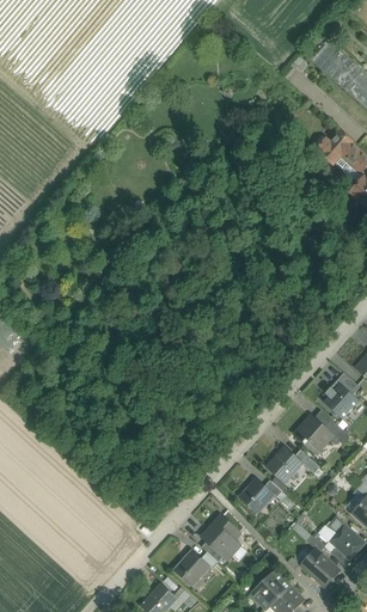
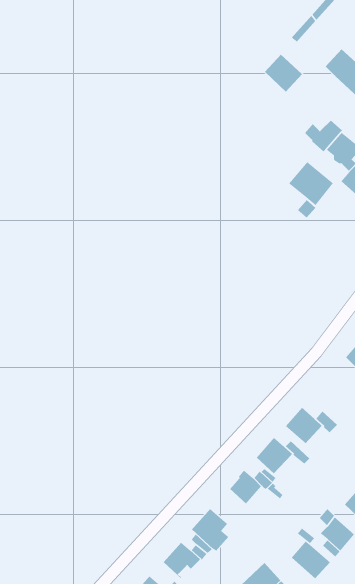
building: [313,41,351,79] -> [264,54,303,92]
building: none -> [288,161,334,207]
building: [324,384,360,420] -> none

